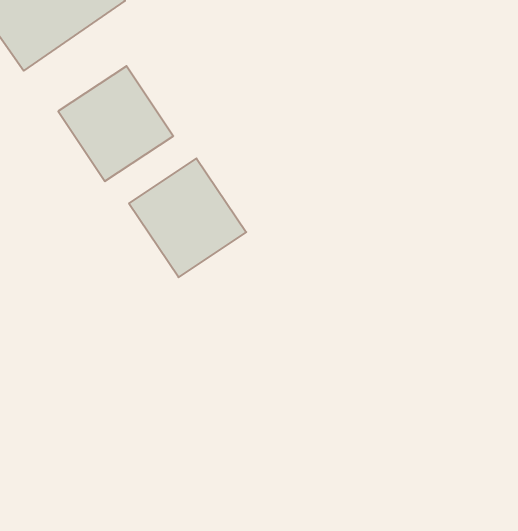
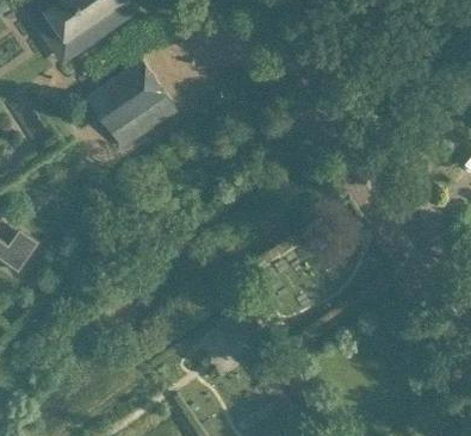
building: [129,158,246,277] -> none

